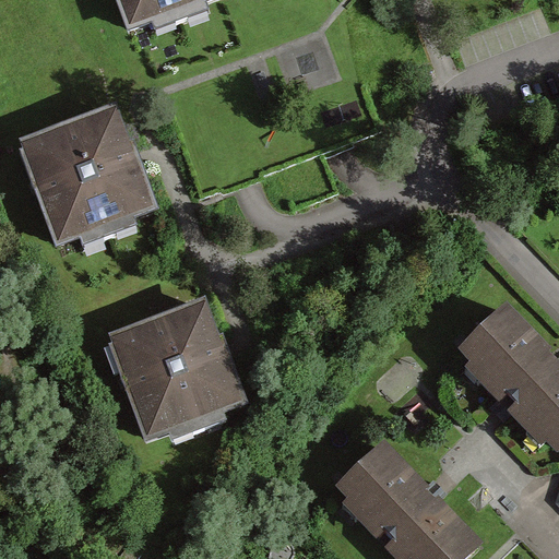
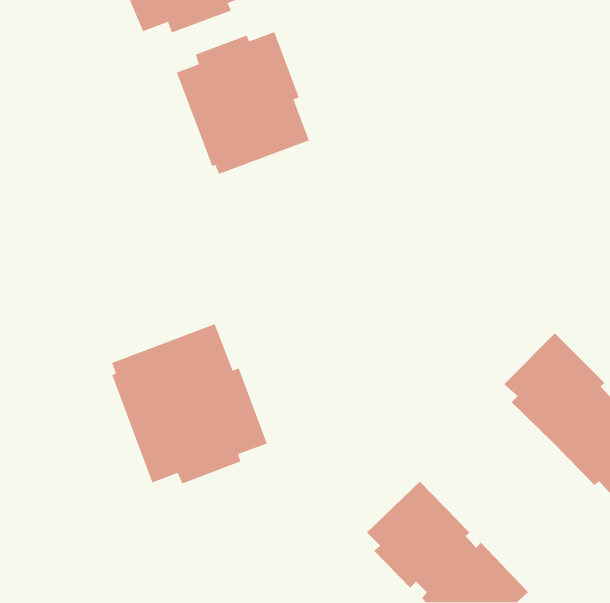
building: none -> [176,31,310,175]
building: [17,104,160,250] -> none

